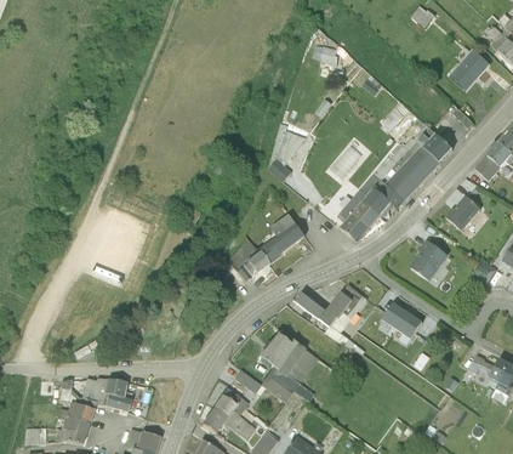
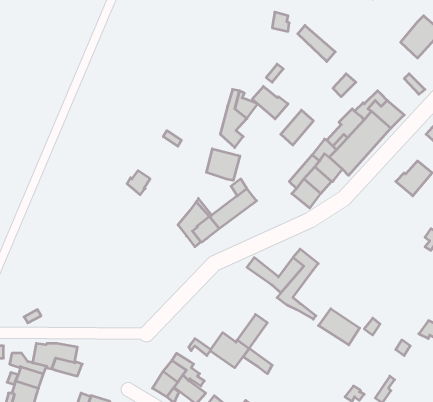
building: none -> [252,86,288,119]
building: none -> [206,149,240,180]
building: [409,238,449,280] -> none
building: [382,302,423,339] -> [318,309,360,345]
building: [257,333,304,376] -> none

